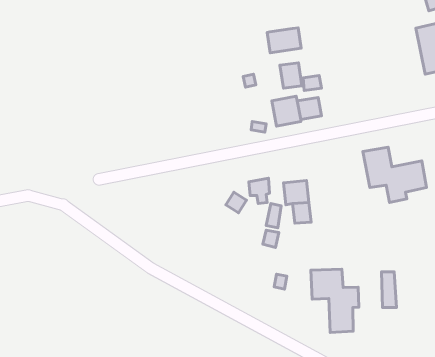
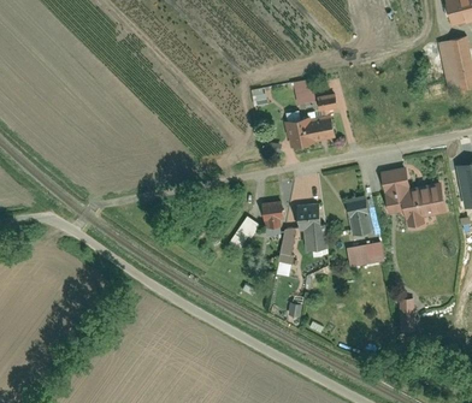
building: [267,28,301,53] -> none
building: none -> [346,196,373,235]
building: none -> [348,241,385,267]
building: [311,269,359,333] -> none

